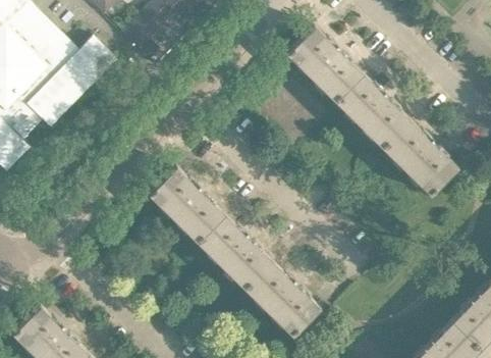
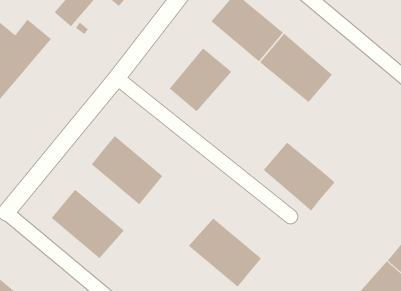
building: none -> [169,47,232,112]
building: [382,119,457,195] -> [263,142,336,212]
building: [196,212,272,288] -> [51,189,125,259]

